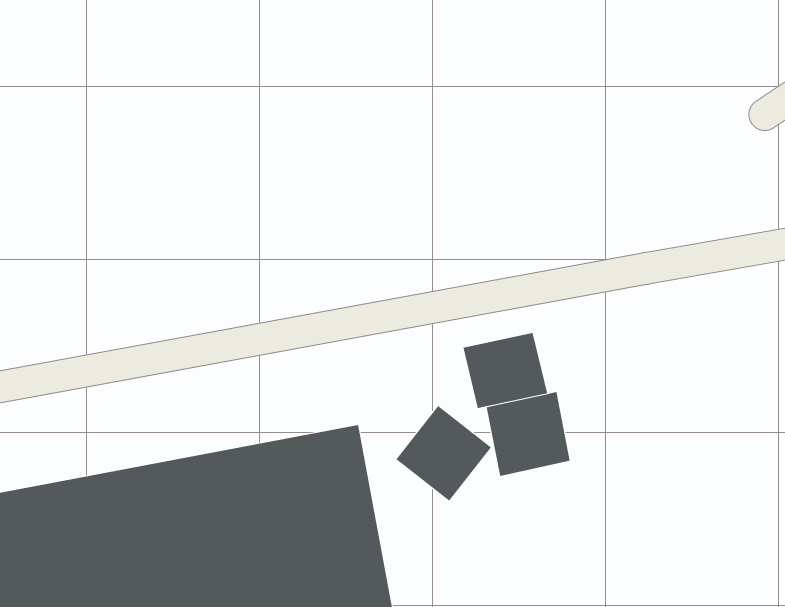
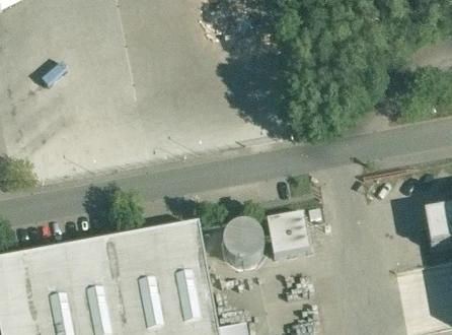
building: [463,332,548,409] -> none

